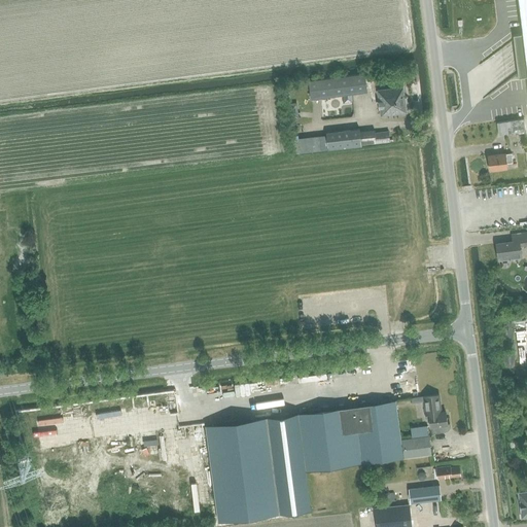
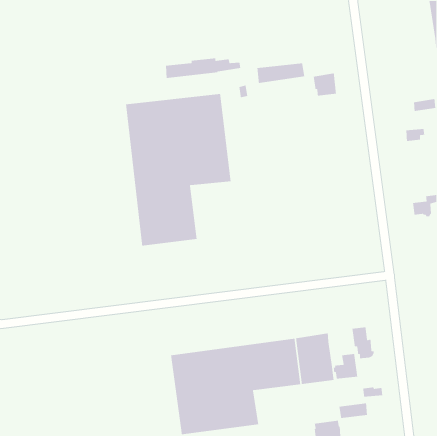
building: none -> [125,93,232,246]
building: [297,130,389,155] -> [165,58,241,79]

